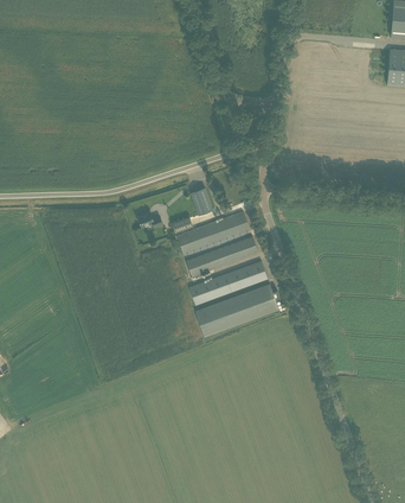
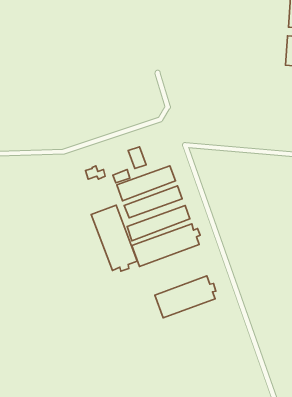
building: none -> [91,205,137,271]
building: none -> [155,276,216,318]

